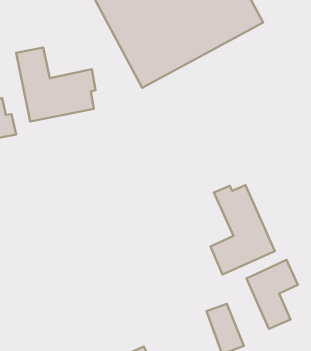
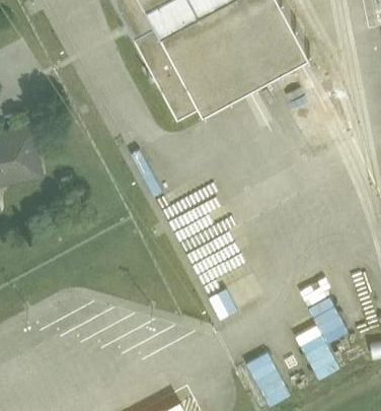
building: [16,48,96,121] -> none
building: [210,185,275,275] -> none

